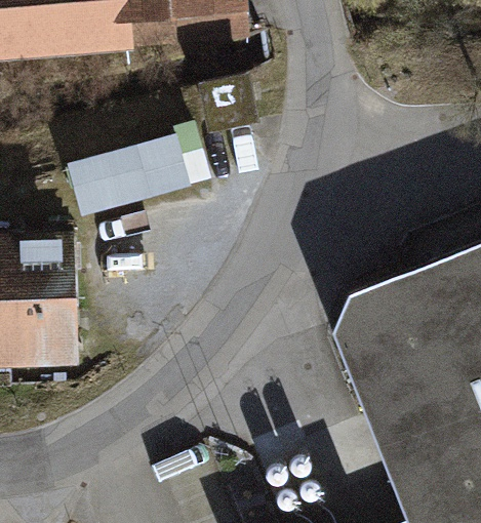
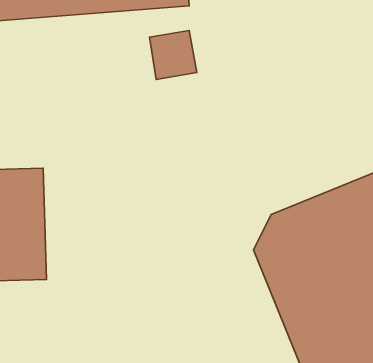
building: [69,132,193,216] -> none

